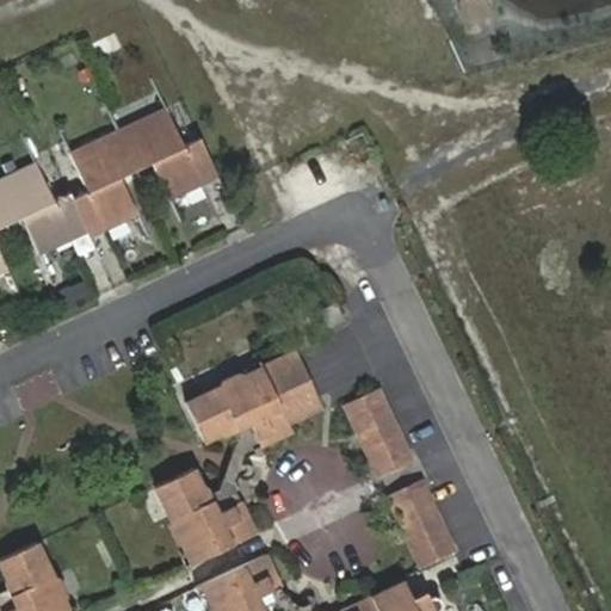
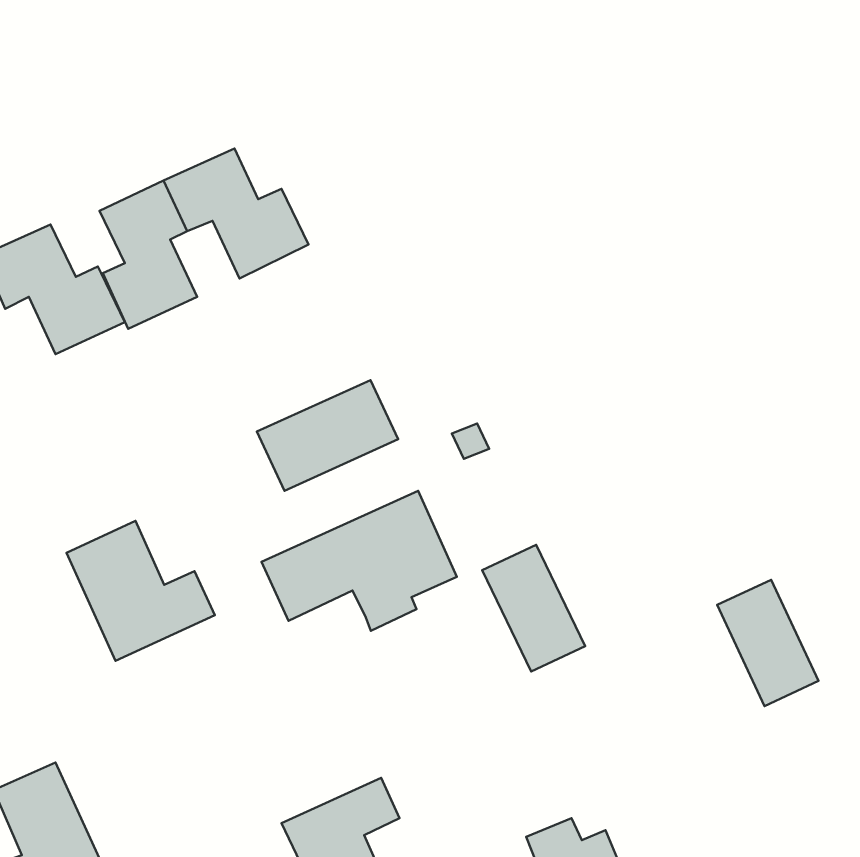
building: none -> [257,380,398,491]
building: [152,465,257,564] -> [67,521,215,661]
building: [385,480,457,569] -> [717,580,818,706]

